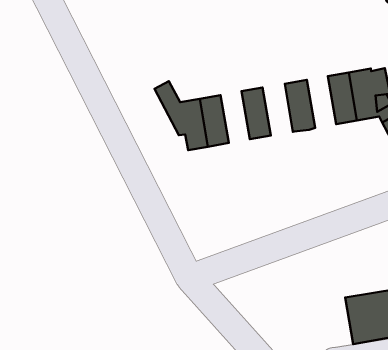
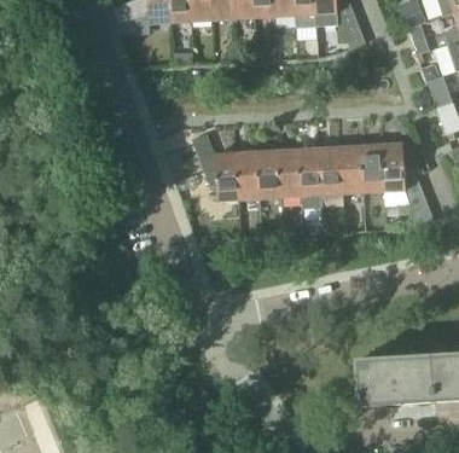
building: none -> [339,145,362,193]
building: none -> [296,147,321,208]
building: none -> [255,150,278,198]

